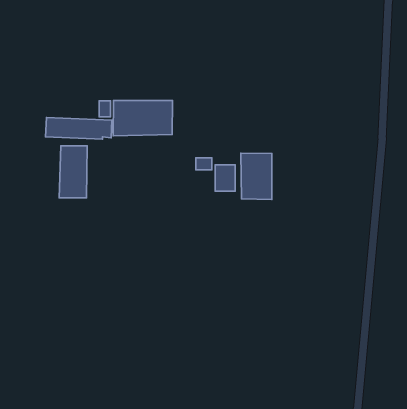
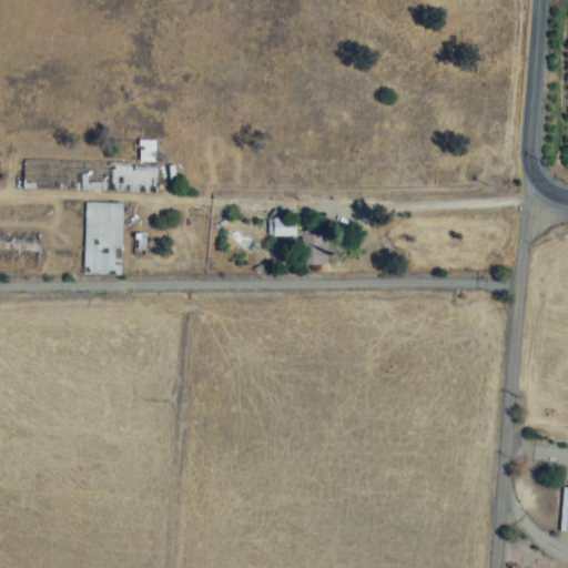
building: [113,100,173,136] -> none
building: [241,153,272,199] -> none

